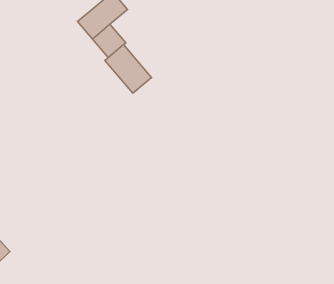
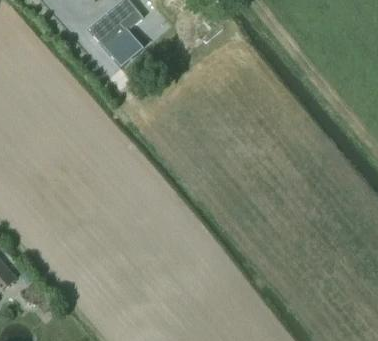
building: [105,45,151,93] -> none

